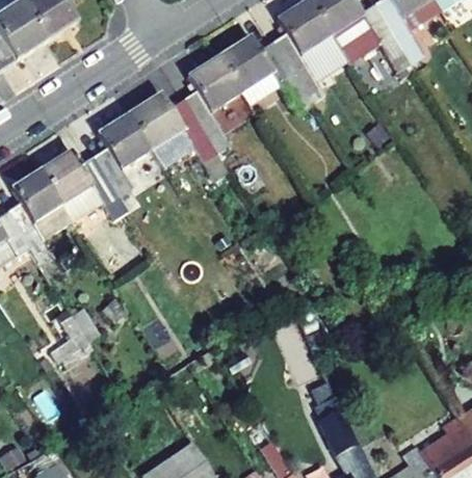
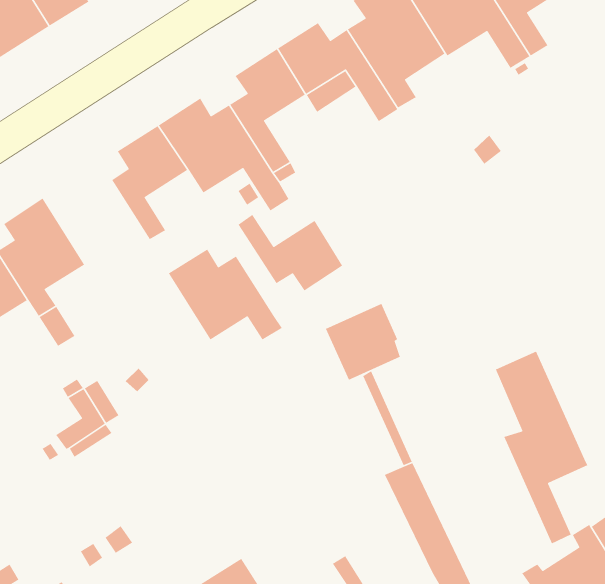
building: [41,150,128,219] -> [168,249,283,340]
building: none -> [238,214,343,291]
building: none -> [325,303,401,381]
building: none -> [495,351,588,544]

